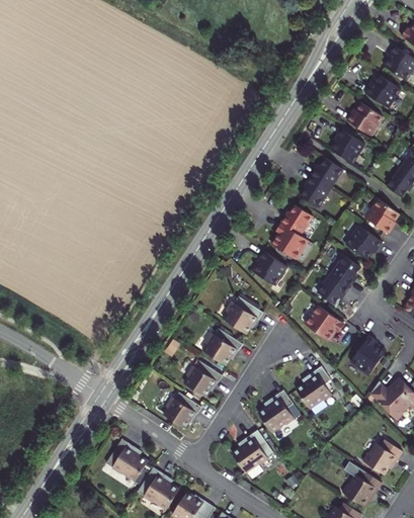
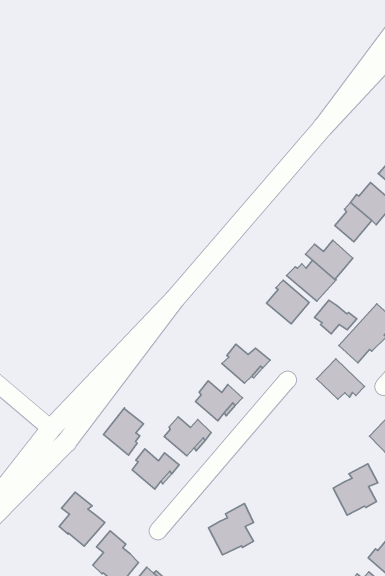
building: none -> [314,300,357,334]
building: [294,364,330,408] -> [333,464,378,515]
building: none -> [103,408,144,455]
building: [255,387,292,431] -> none

